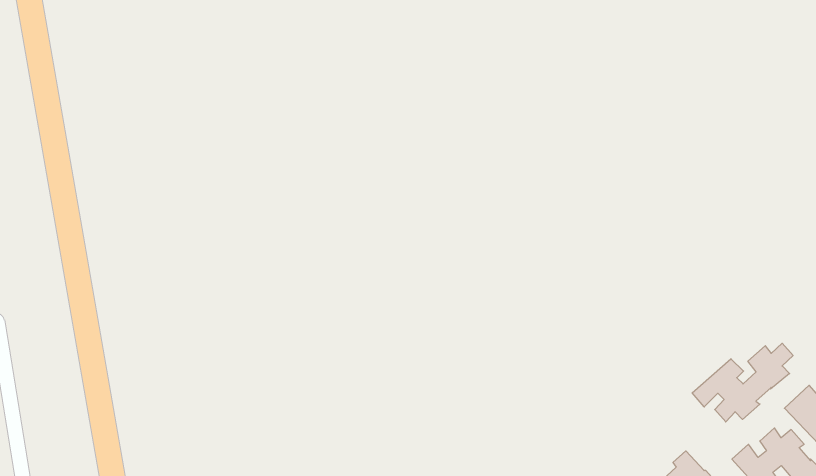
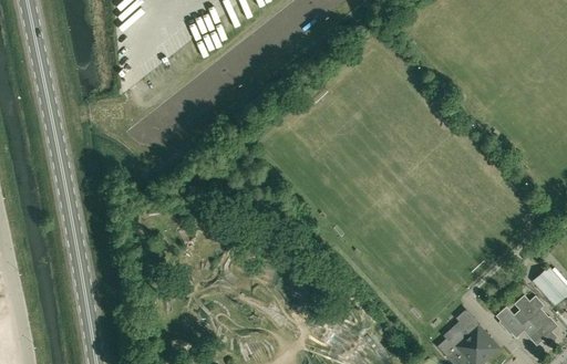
building: [692,343,793,422] -> none

